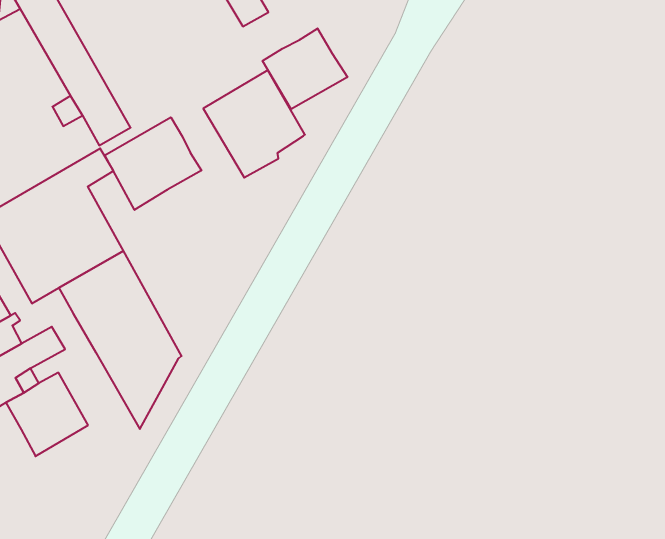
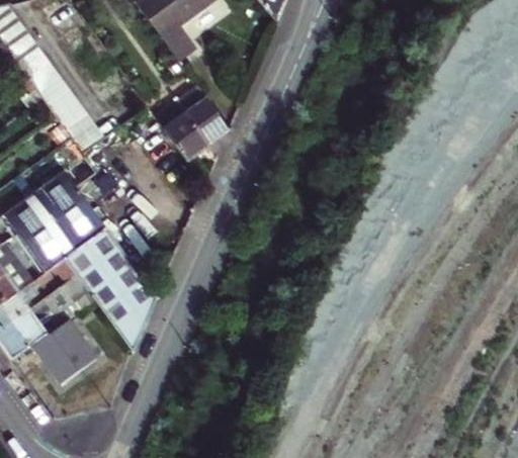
building: [263,28,347,109] -> none
building: [105,117,201,210] -> none

